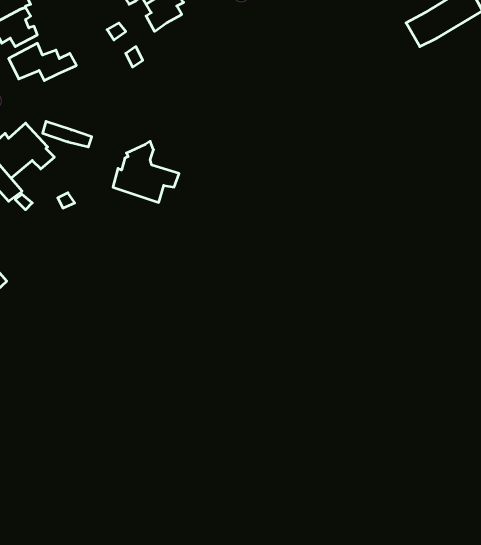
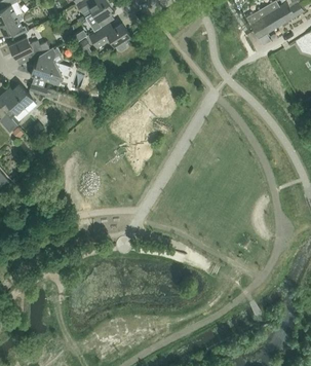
building: none -> [88,23,129,50]
building: [113,141,179,202] -> [30,47,70,84]

